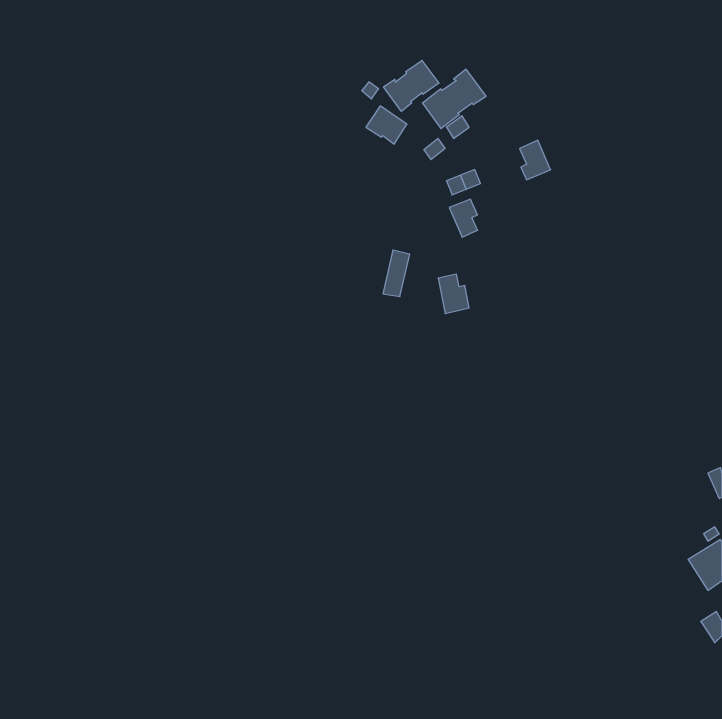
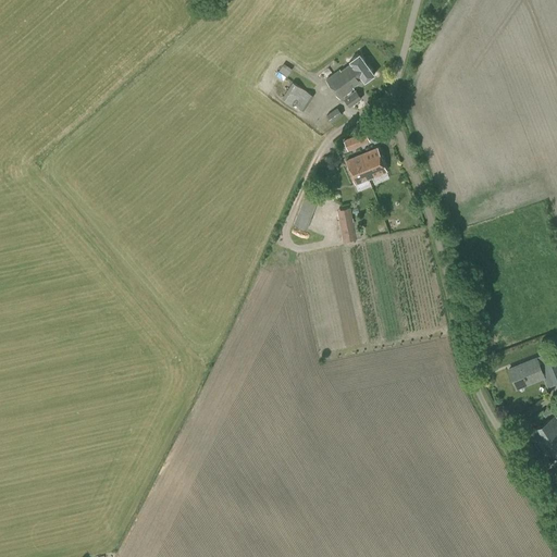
building: [384,60,439,111] -> none
building: [520,140,551,180] -> [362,149,386,180]
building: none -> [509,360,543,387]

